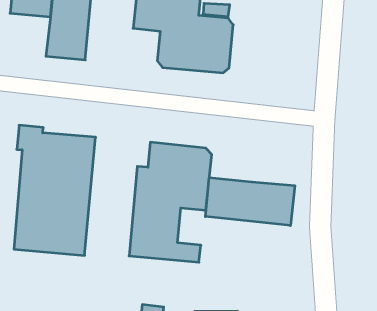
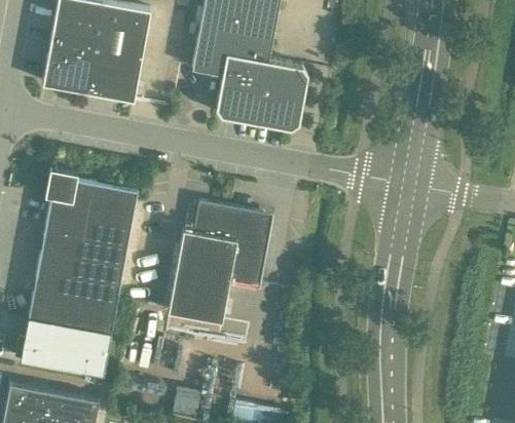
building: none -> [42,40,97,93]
building: [205,178,295,226] -> none
building: none -> [16,313,112,376]

